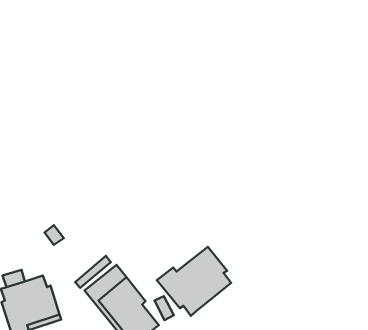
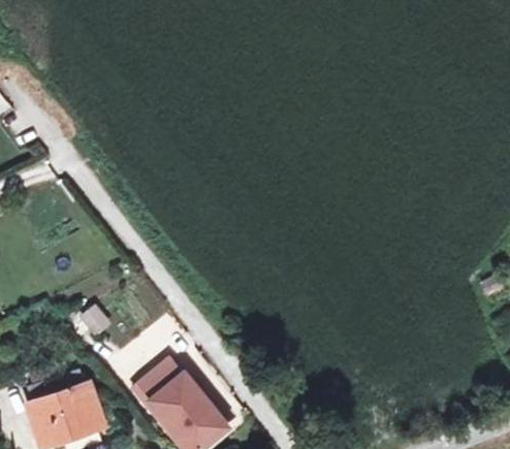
building: [157,247,231,316] -> none

